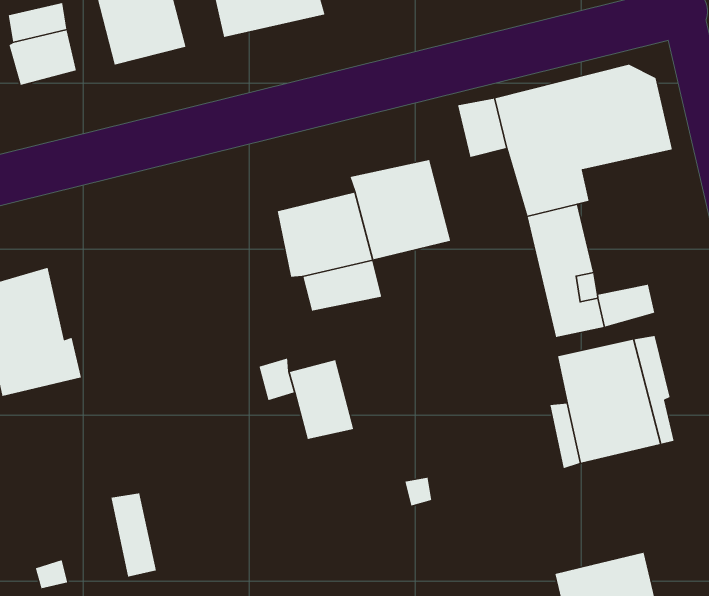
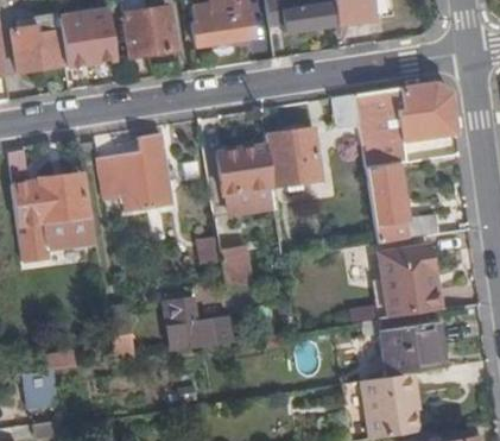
building: none -> [99,134,171,212]
building: none -> [160,291,232,352]
building: none -> [380,323,447,378]

